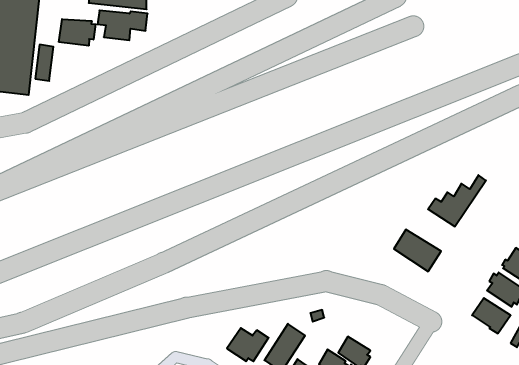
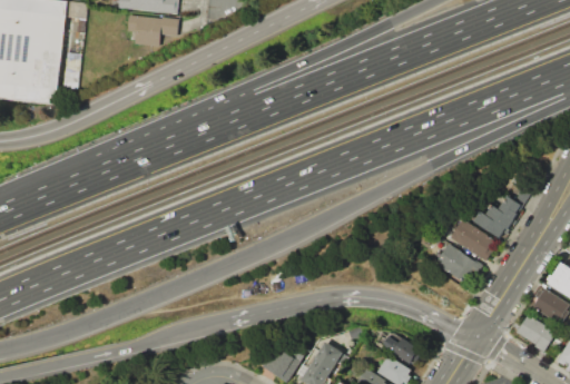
building: [59,19,96,46] -> none
building: none -> [448,218,495,260]
building: none -> [381,335,420,365]

